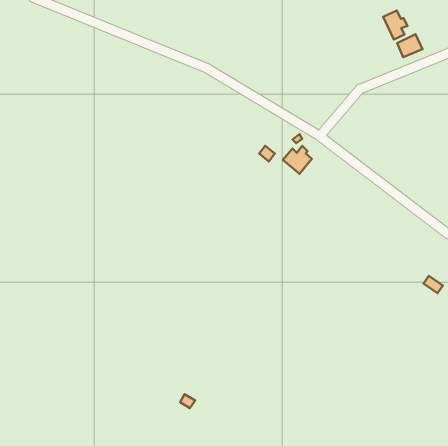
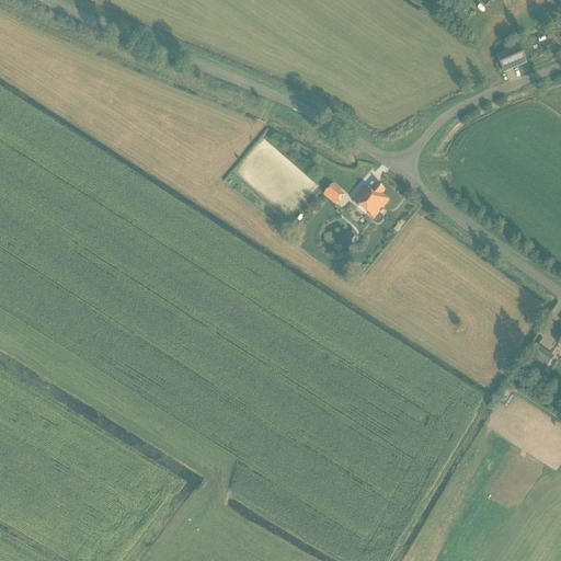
building: [383,10,407,39] -> none

